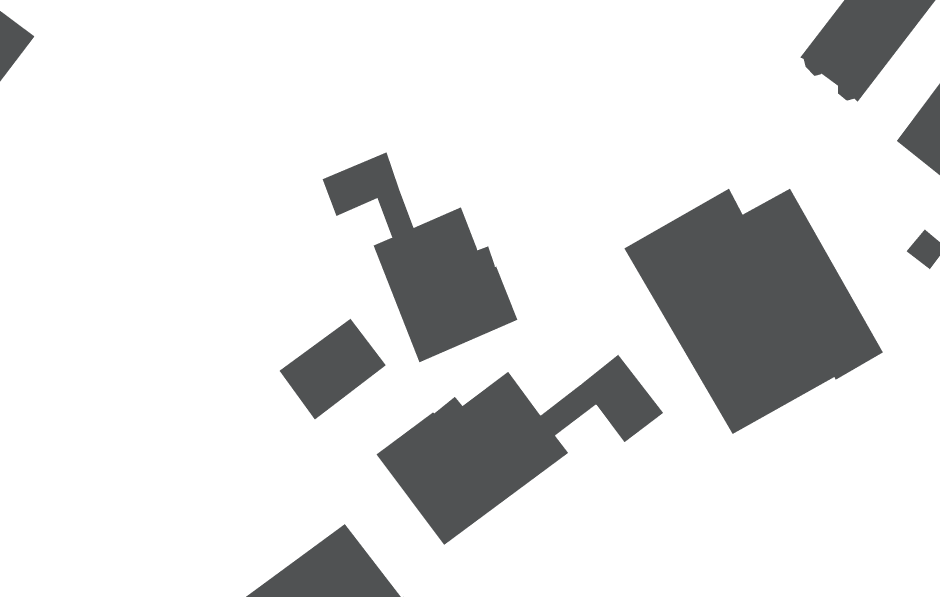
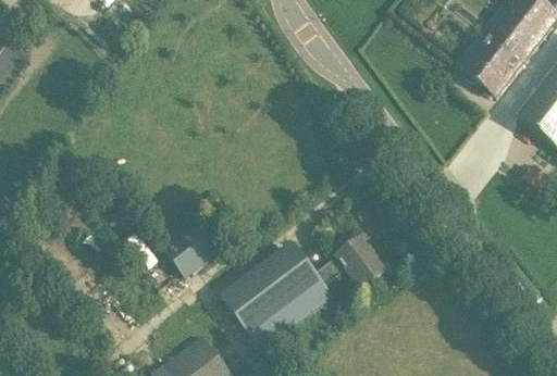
building: [322,152,518,363] -> none
building: [623,188,884,435] -> none

